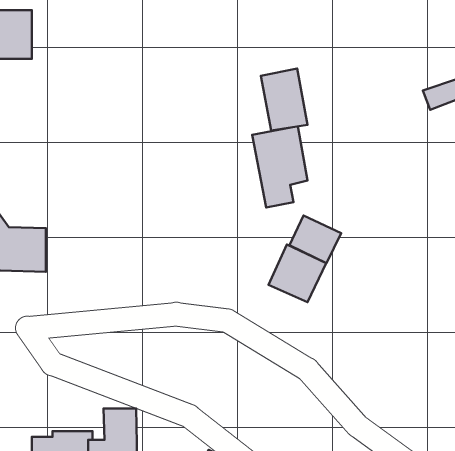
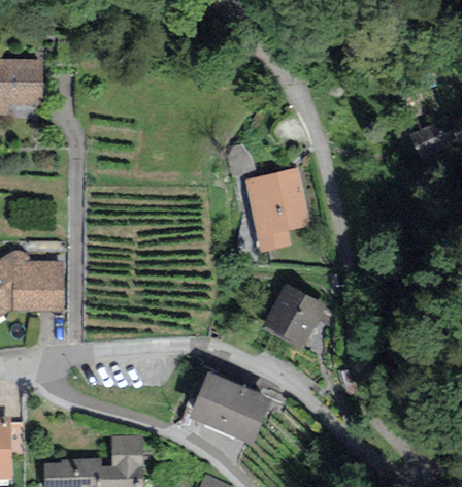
building: [261,69,308,130] -> none
building: [290,215,341,263] -> none
building: none -> [191,371,268,436]

